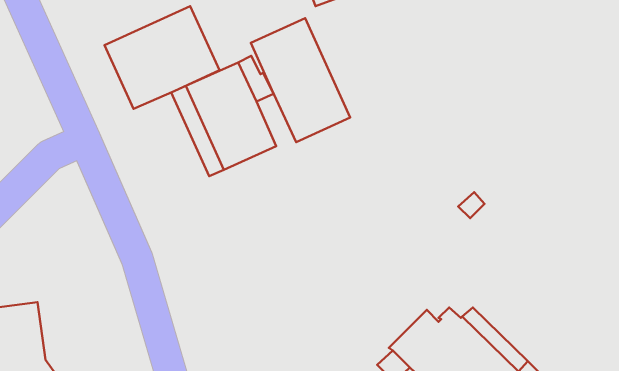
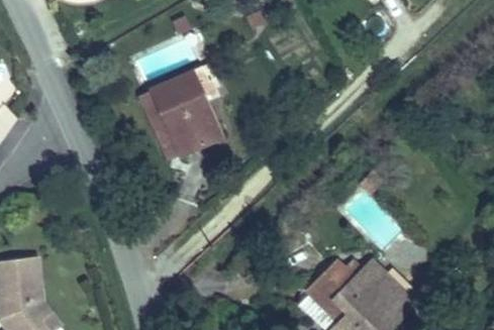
building: [104,6,219,109] -> none
building: [251,18,350,142] -> none

